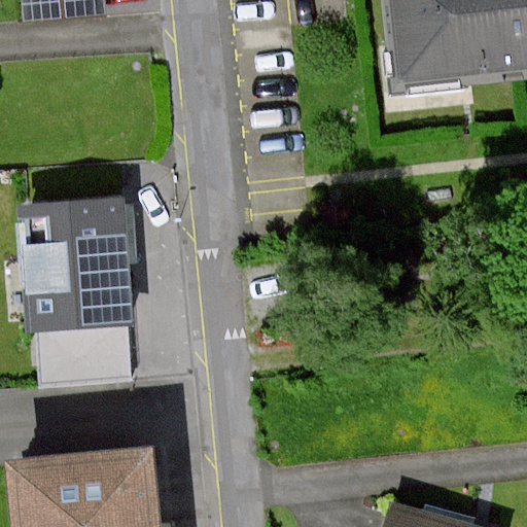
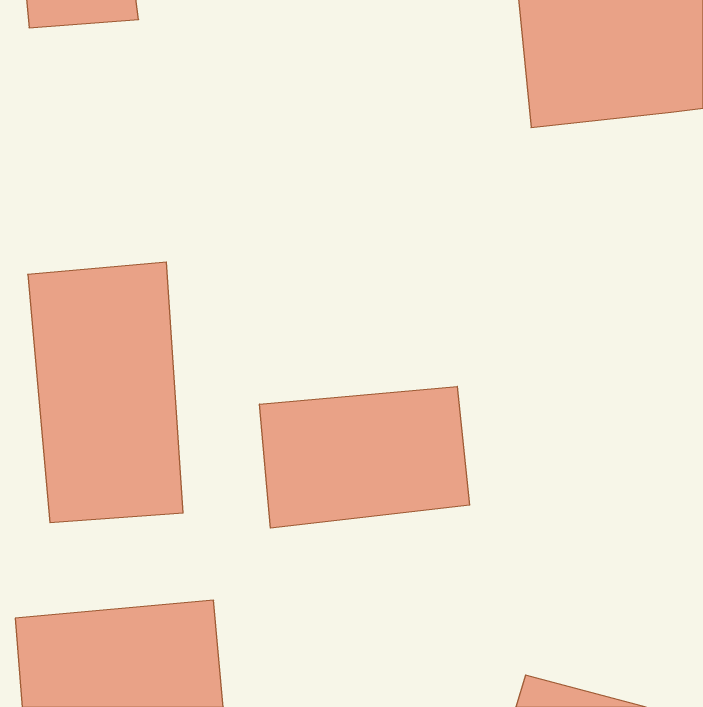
building: none -> [260,386,470,528]

